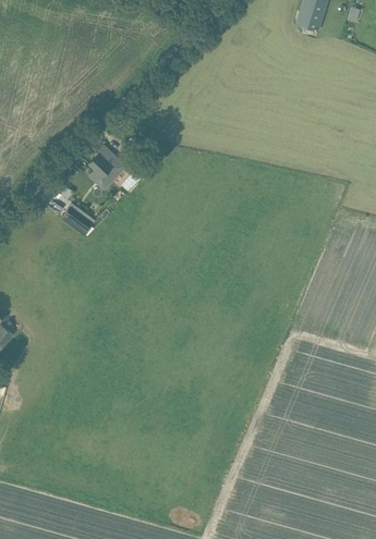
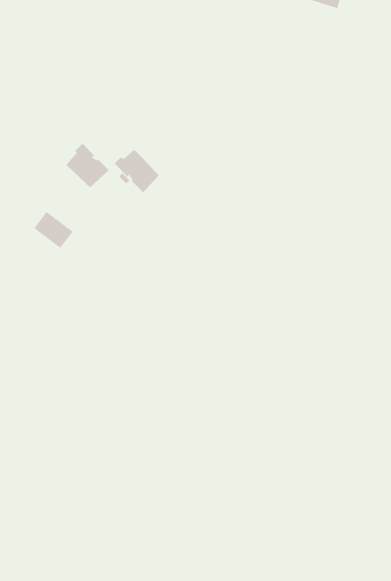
building: none -> [114,149,160,193]

